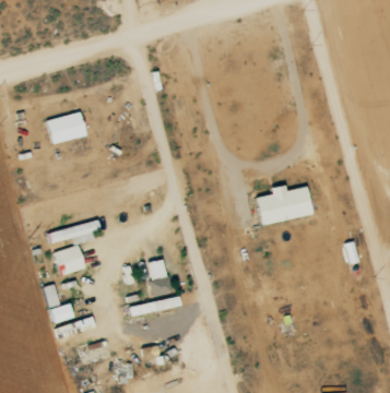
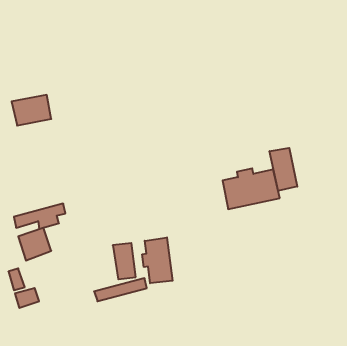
building: none -> [270,148,297,191]
building: none -> [142,237,173,283]

